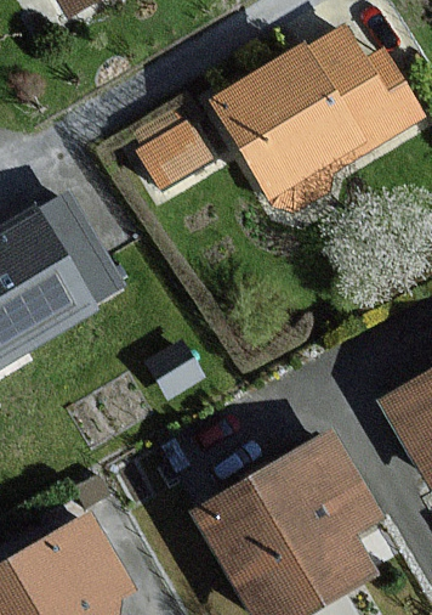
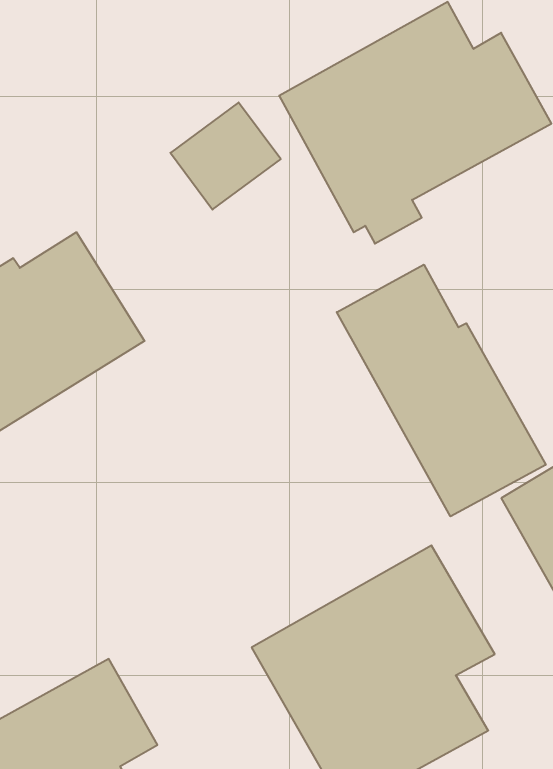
building: none -> [337,265,546,516]

